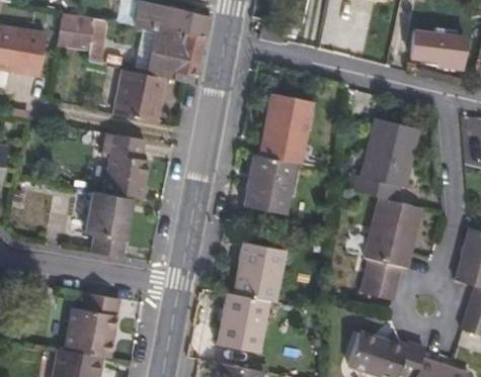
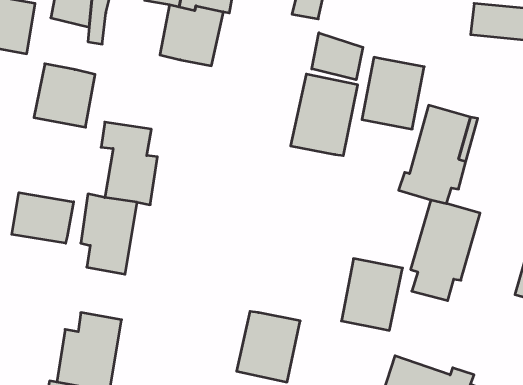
building: none -> [312,33,363,80]
building: [116,71,168,124] -> [34,64,95,127]
building: [246,152,299,212] -> [362,57,424,129]
building: none -> [12,193,74,243]
building: [234,241,286,301] -> [341,259,403,330]

